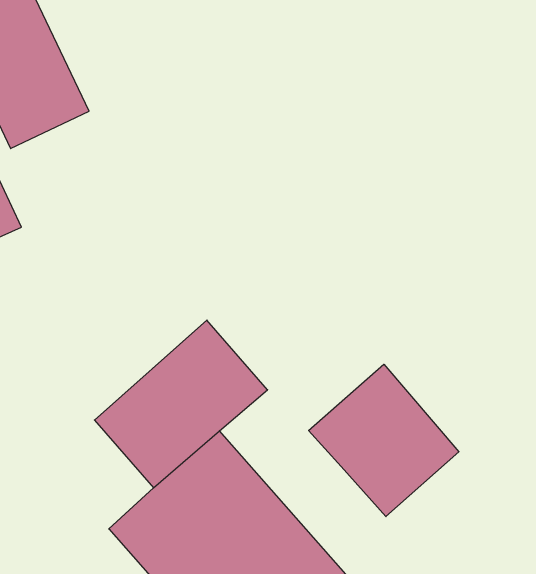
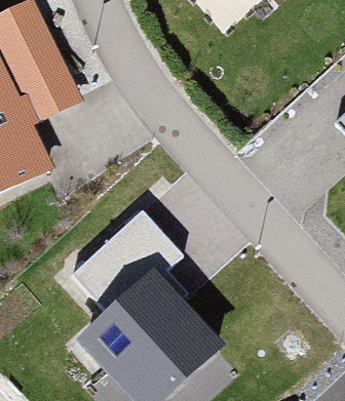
building: [309,364,459,517] -> none

